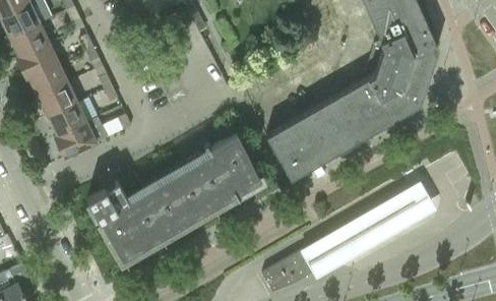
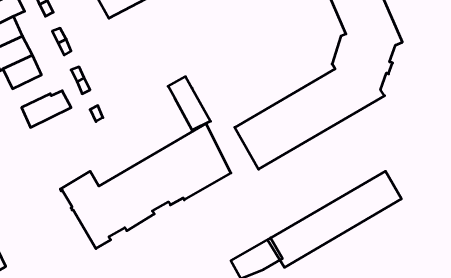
building: [39,83,77,117] -> none
building: none -> [168,77,211,130]
building: [54,117,109,160] -> none

